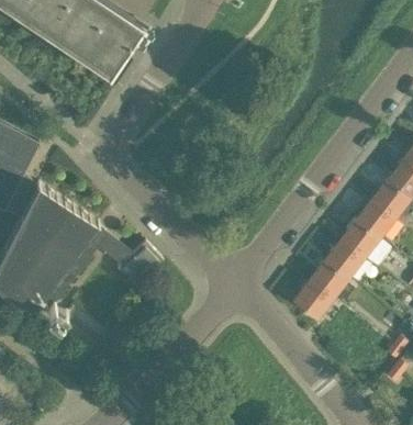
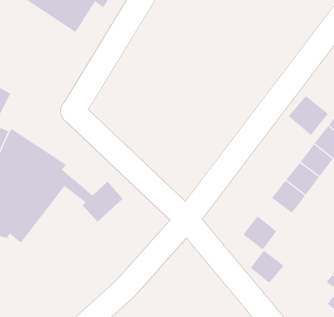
building: none -> [288,95,329,136]
building: [309,260,347,298] -> [250,250,284,284]

